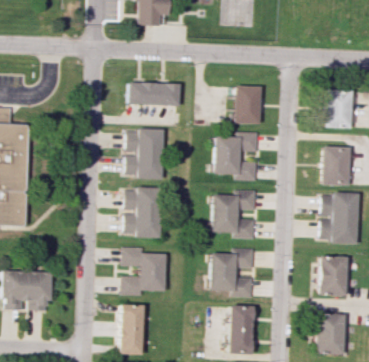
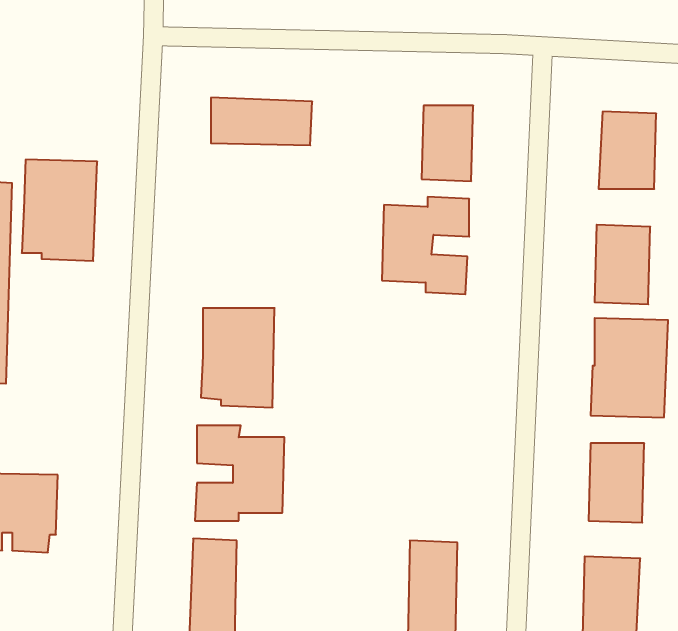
building: [126,128,164,179] -> [22,160,97,261]
building: [212,190,257,239] -> none
building: [210,248,255,297] -> none

